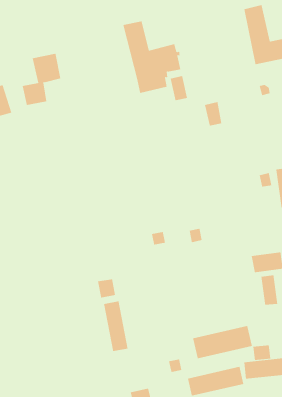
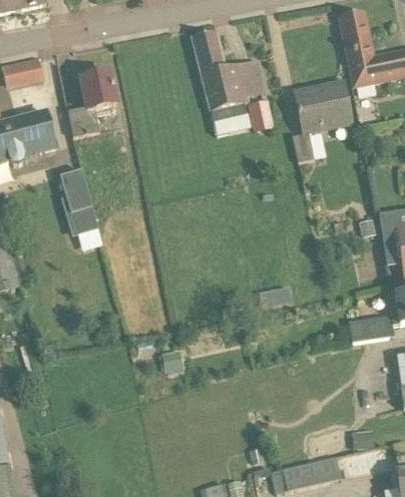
building: none -> [295,80,352,127]
building: none -> [60,169,98,235]
building: [261,274,278,306] -> none
building: [103,300,128,352] -> none
building: [193,325,253,359] -> none

